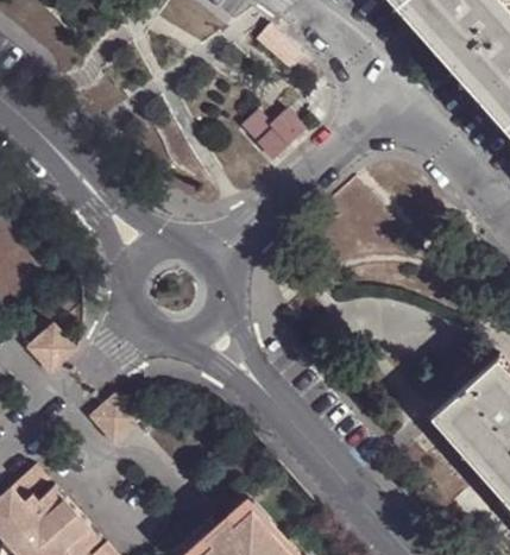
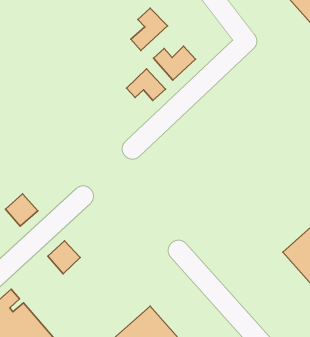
building: none -> [131,8,167,50]
building: none -> [127,69,165,101]

